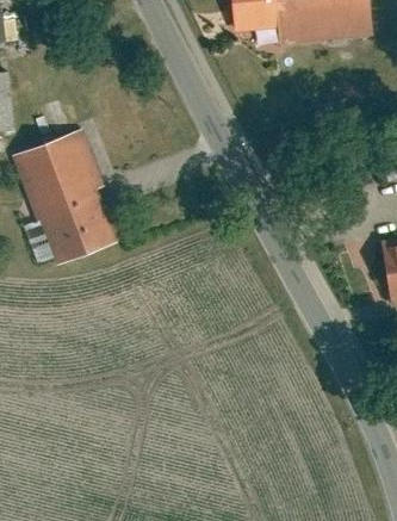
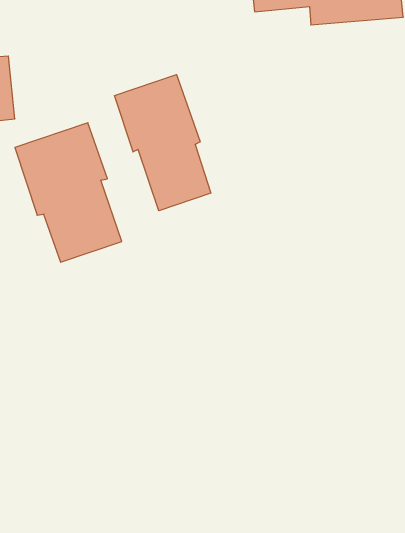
building: none -> [114,75,211,211]

